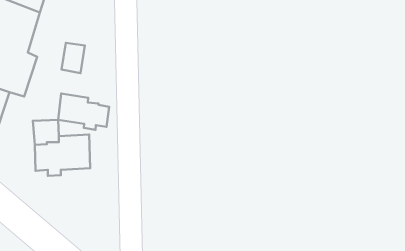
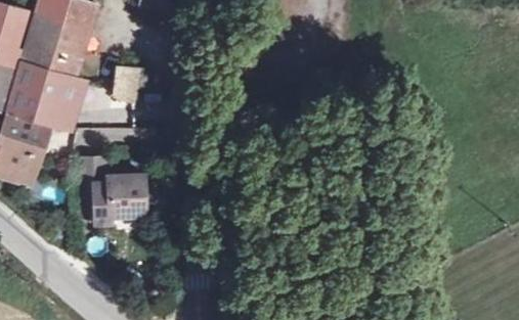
building: [58,93,109,130] -> none

